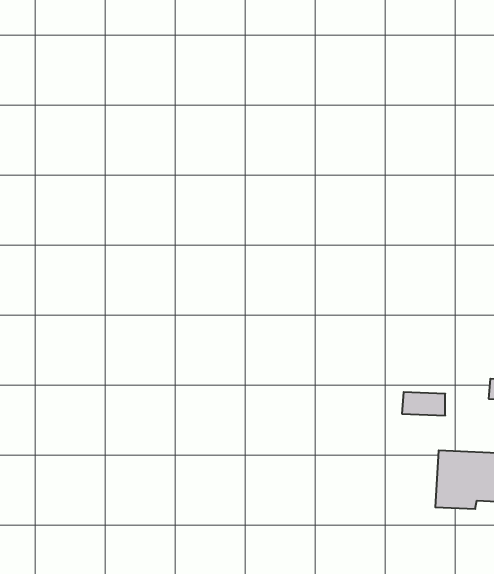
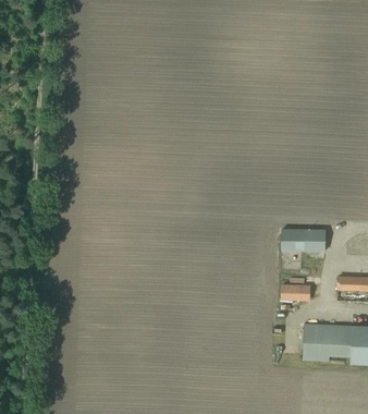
building: none -> [282,230,326,252]

